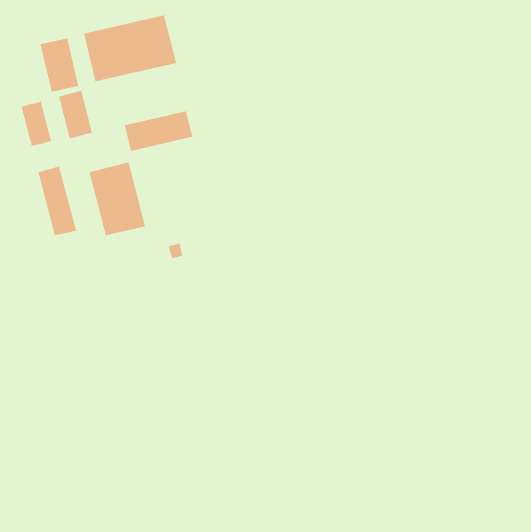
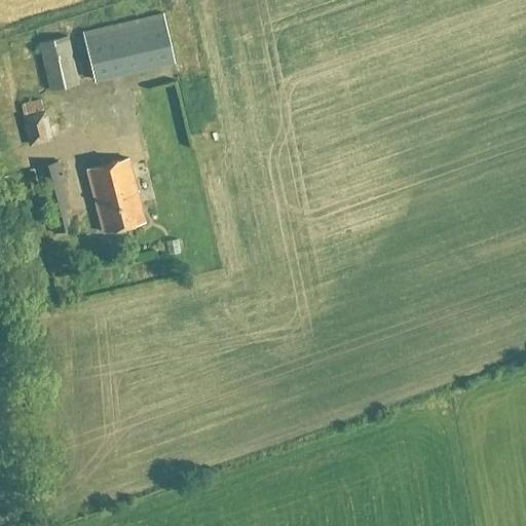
building: [58,90,93,139] -> none
building: [124,110,193,152] -> none

